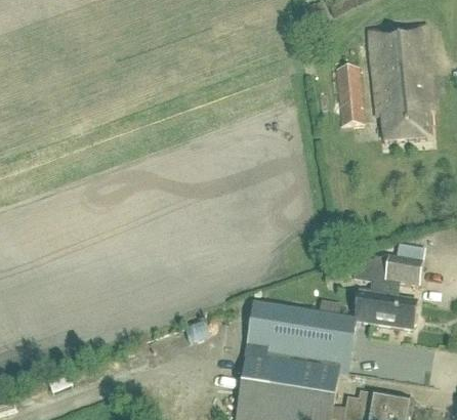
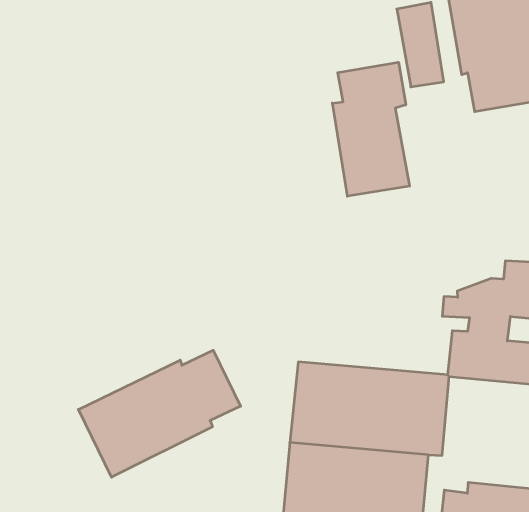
building: none -> [332,62,410,196]
building: none -> [78,350,241,477]

